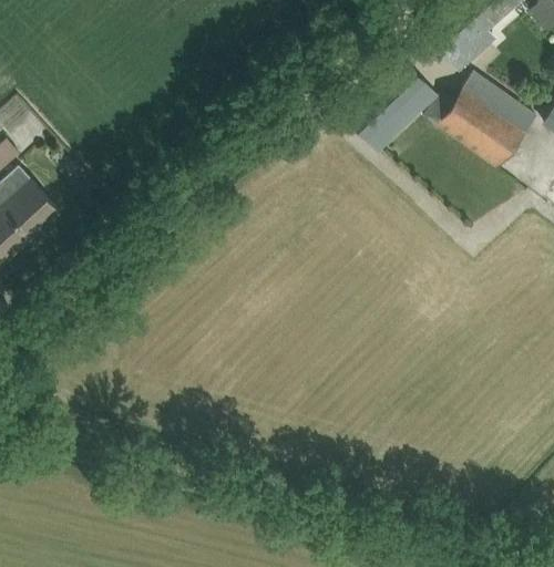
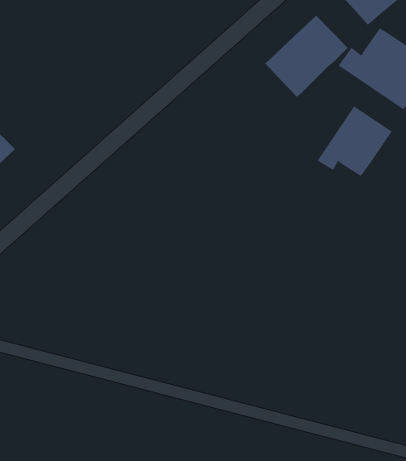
building: none -> [317,106,392,177]

